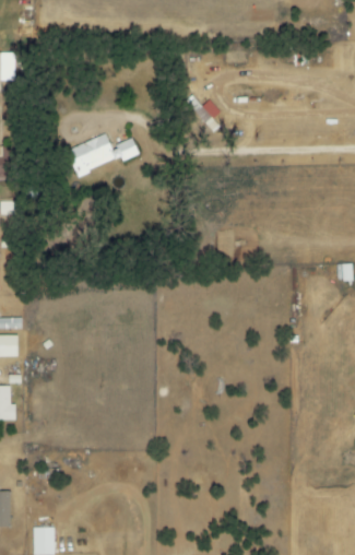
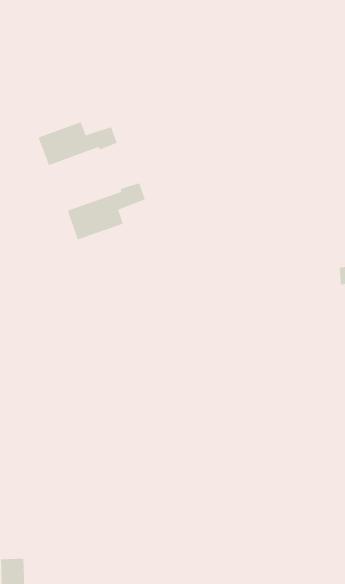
building: none -> [67,182,146,241]

